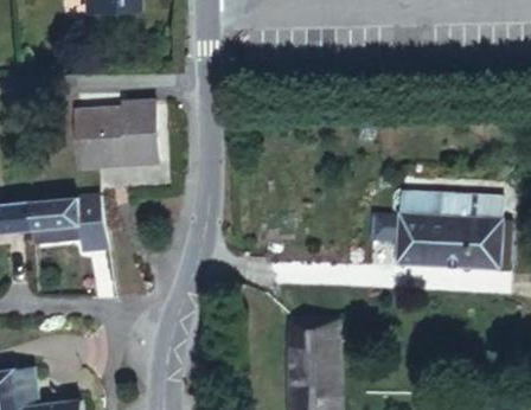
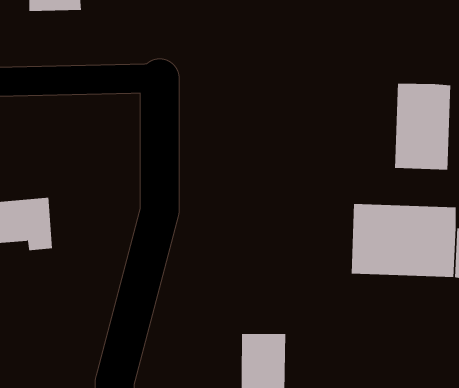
building: none -> [394,83,451,170]
building: [81,96,164,164] -> none

